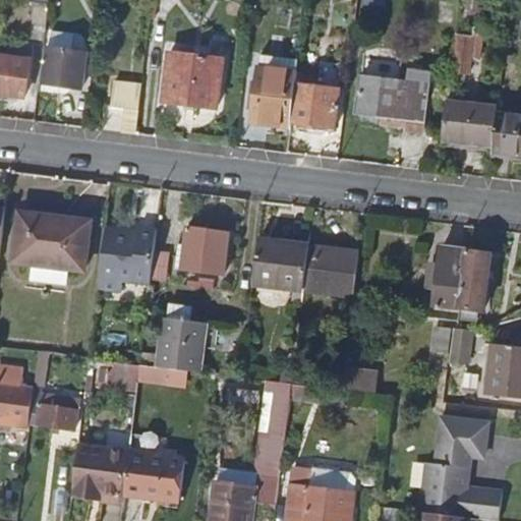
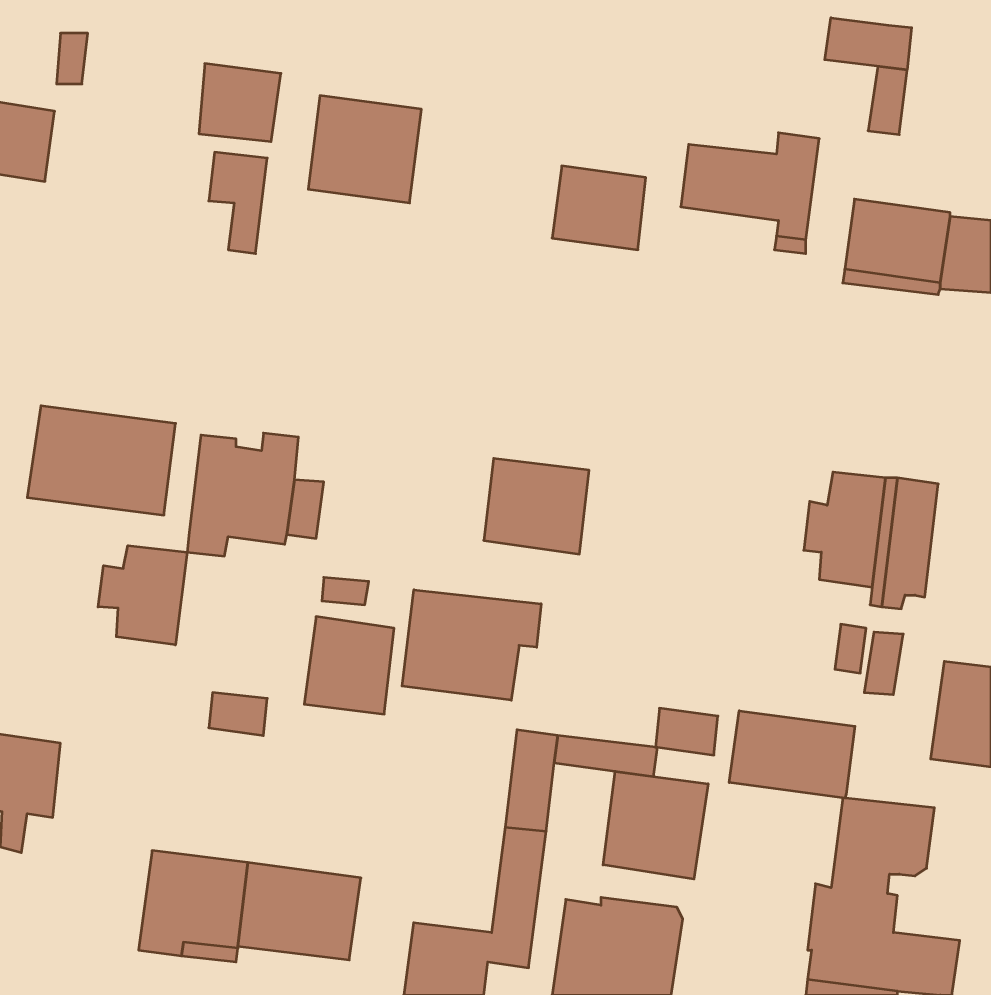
building: none -> [825,18,912,70]
building: [42,45,84,85] -> [199,64,281,142]
building: [251,58,296,130] -> none
building: [180,225,229,273] -> none
building: [302,245,357,296] -> none
building: none -> [98,546,187,645]
building: none -> [402,590,541,700]
building: none -> [729,711,855,798]
building: [31,393,77,428] -> none
building: none -> [603,771,708,879]

